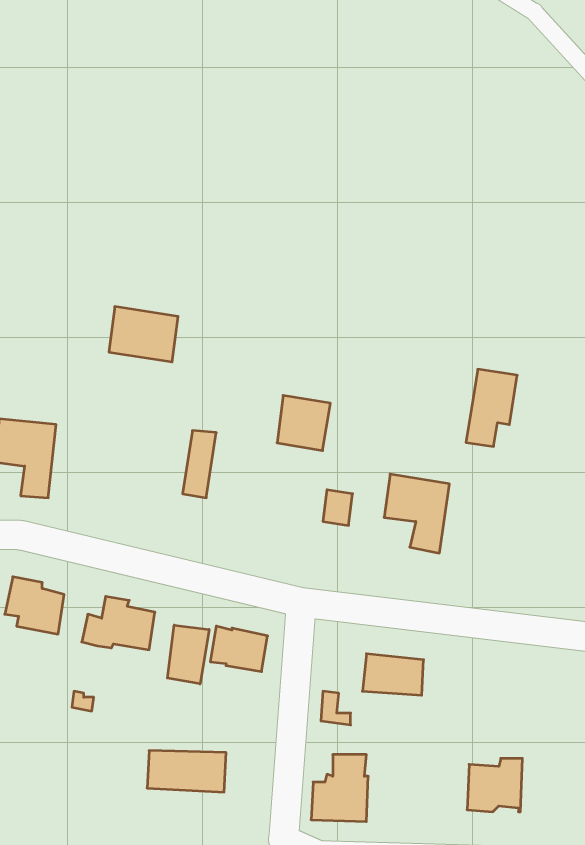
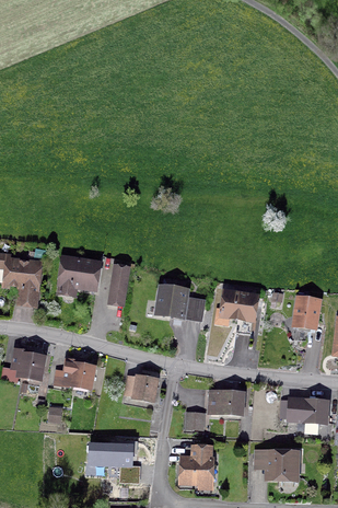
building: [109,307,178,362] -> [60,257,98,288]
building: [466,369,517,446] -> [291,297,319,339]
building: [277,395,330,451] -> [158,286,187,316]
building: [167,625,209,684] -> none
building: none -> [289,399,327,422]

